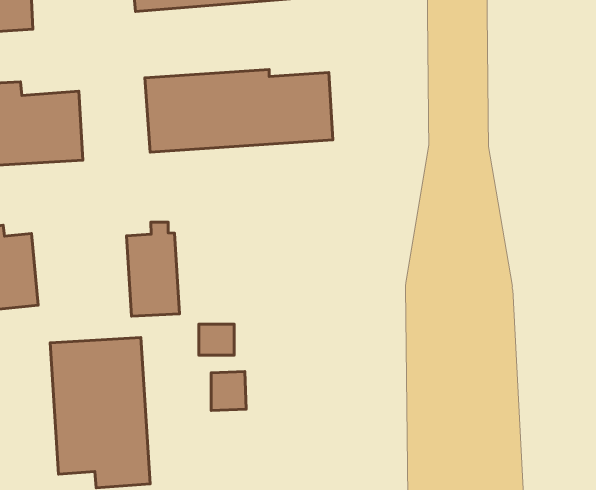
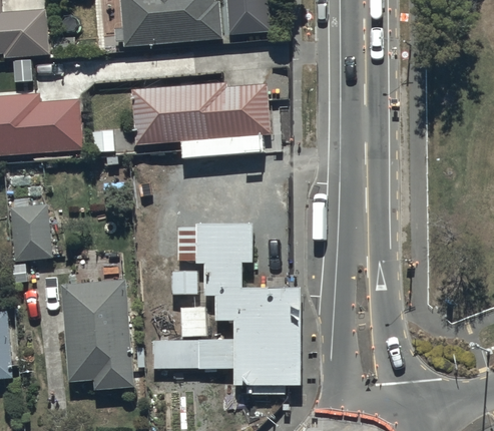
building: [127,222,180,316] -> none
building: none -> [152,223,300,386]

